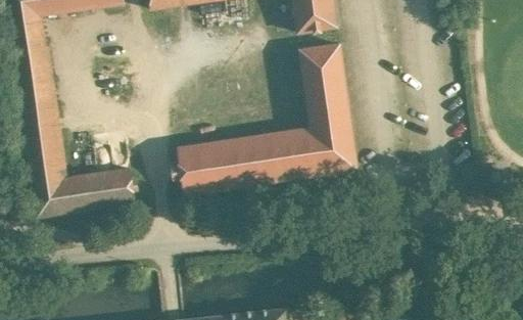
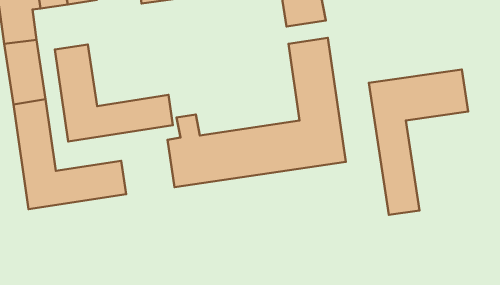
building: none -> [55,44,173,142]
building: none -> [369,69,468,215]

